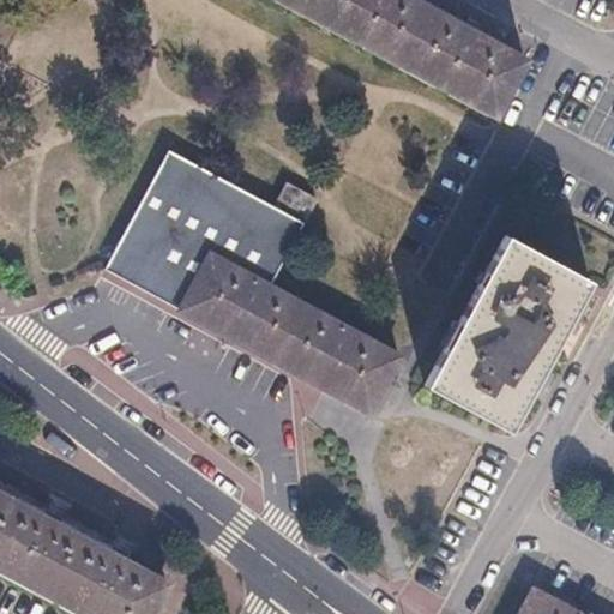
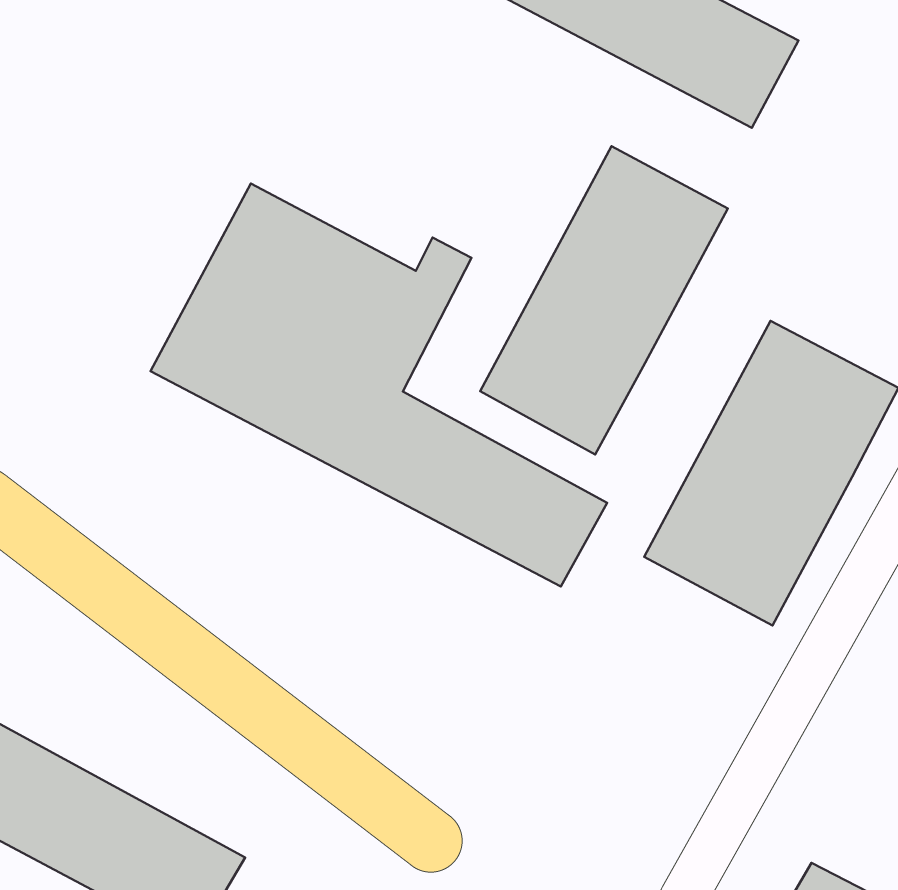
building: none -> [480,146,728,454]

